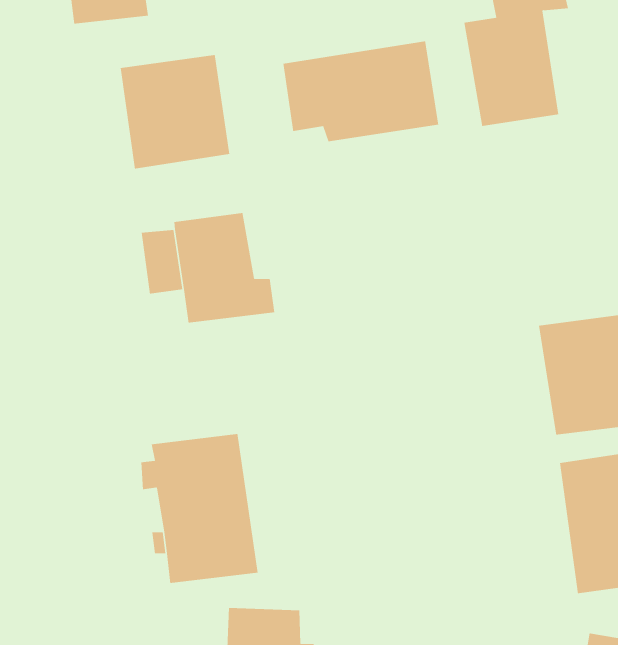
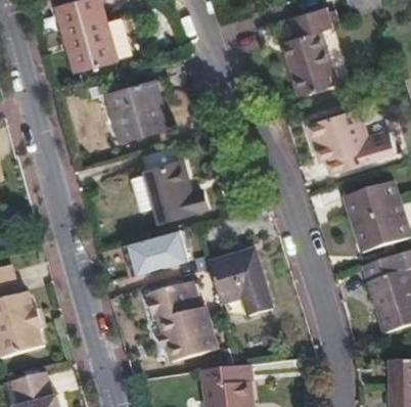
building: [283,40,439,142] -> none
building: none -> [305,108,373,177]
building: none -> [133,224,194,271]
building: none -> [210,253,268,317]

